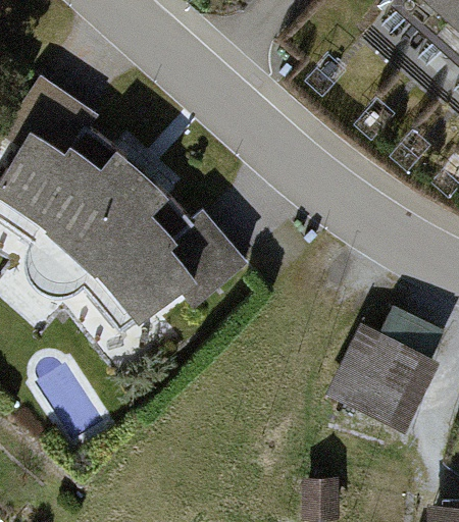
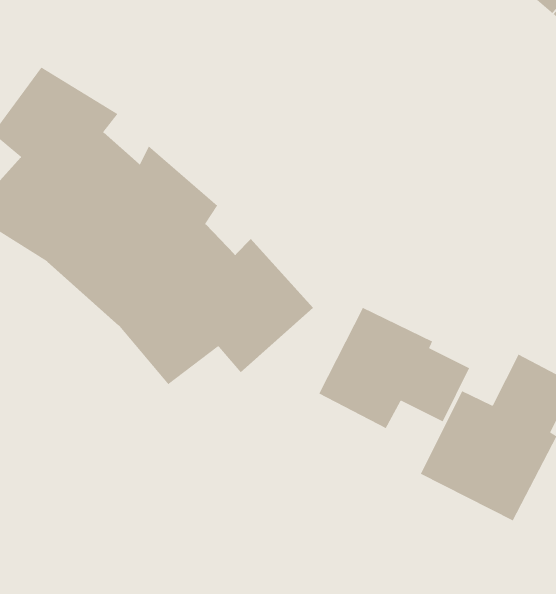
building: none -> [318,307,470,429]

